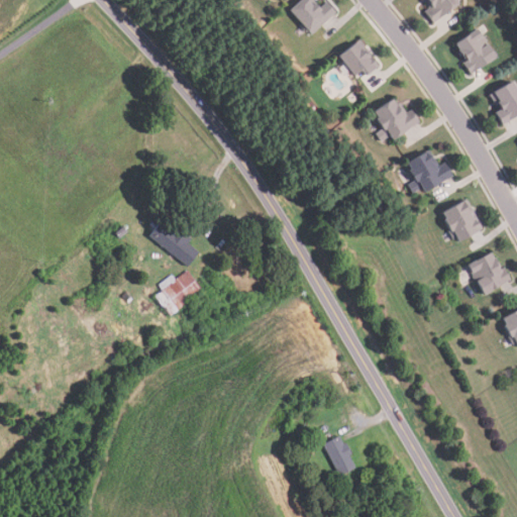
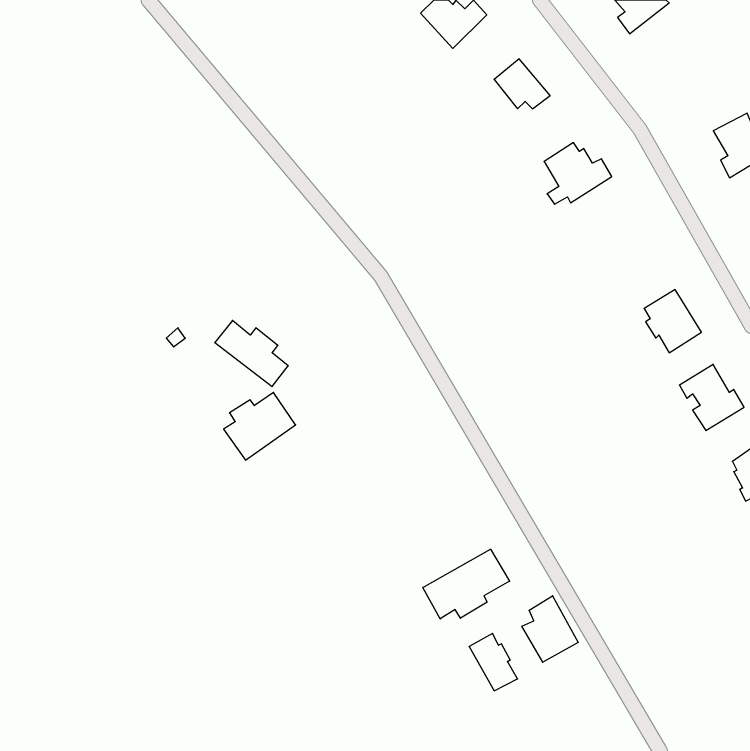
building: [455,26,498,74] -> none
building: [408,149,453,192] -> none
building: none -> [423,549,510,619]
building: none -> [522,596,578,662]

